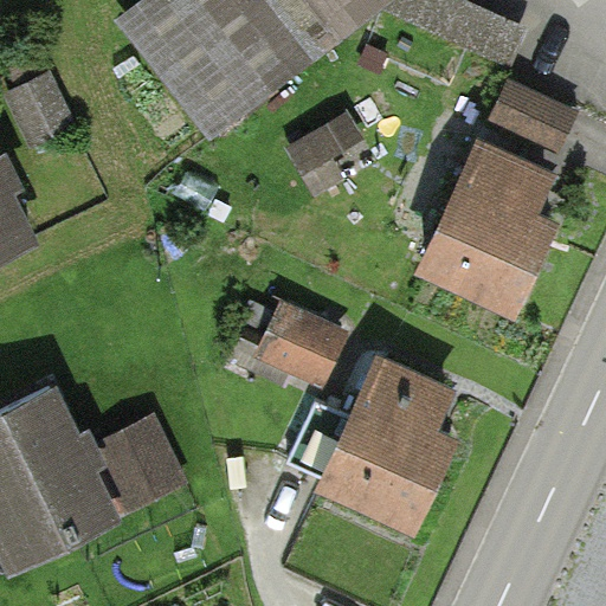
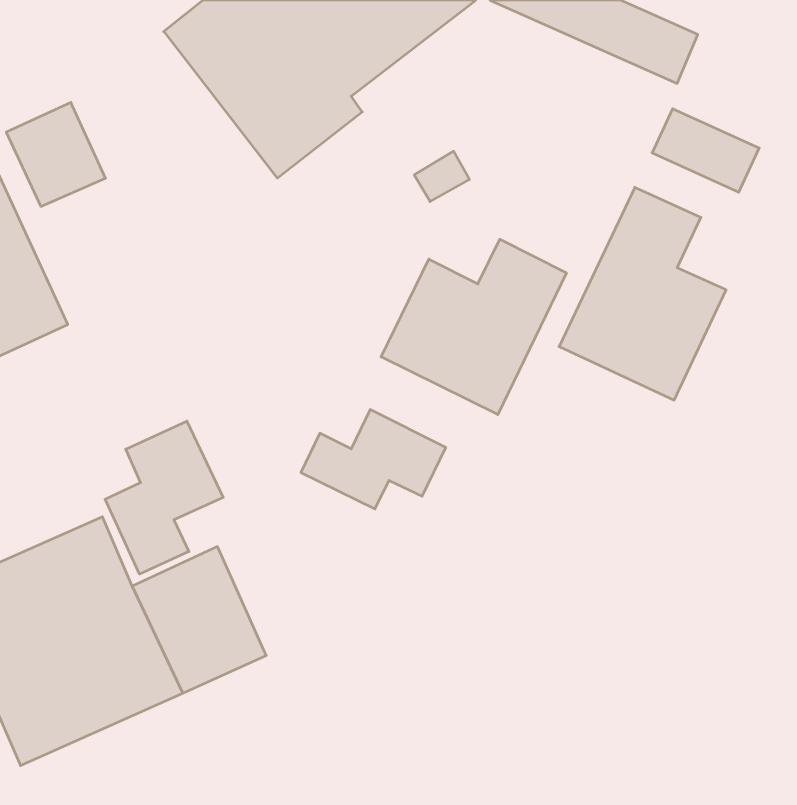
building: none -> [381,239,566,415]
building: none -> [105,421,223,574]
building: [285,357,447,517] -> none

